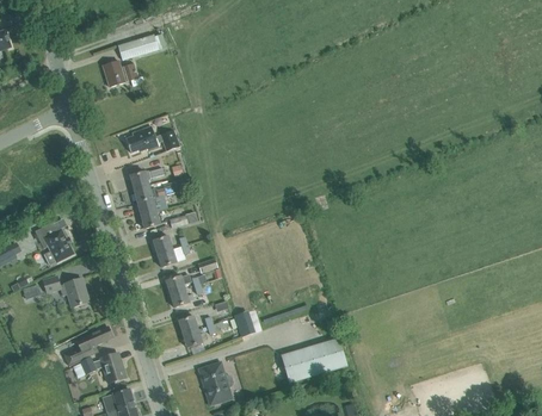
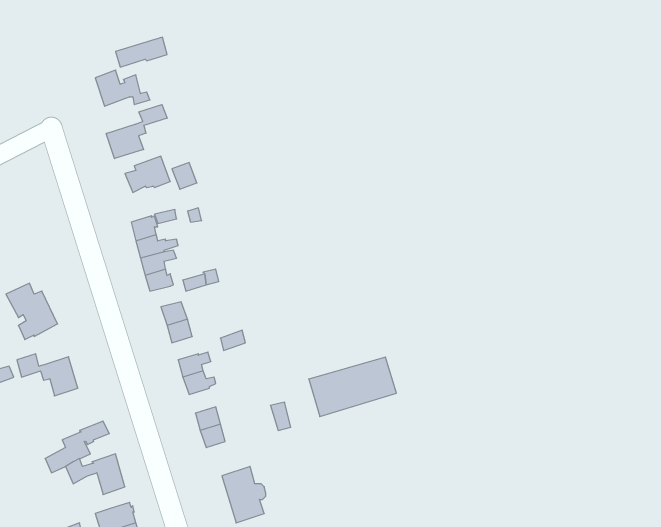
building: none -> [106,105,167,159]
building: [279,337,346,383] -> [309,357,396,417]

